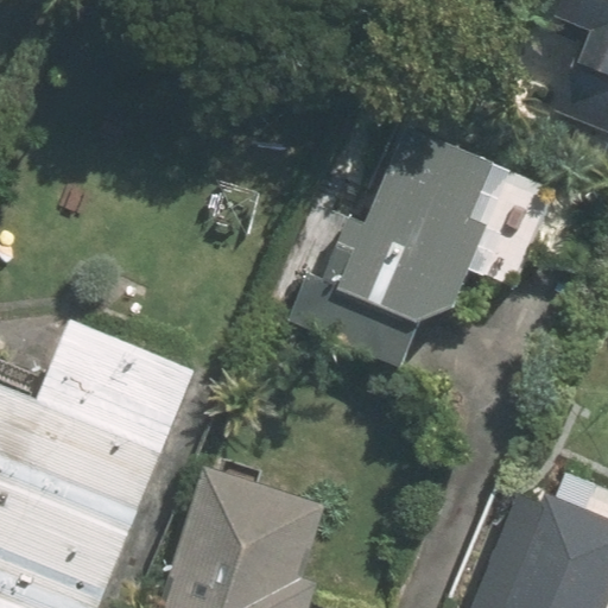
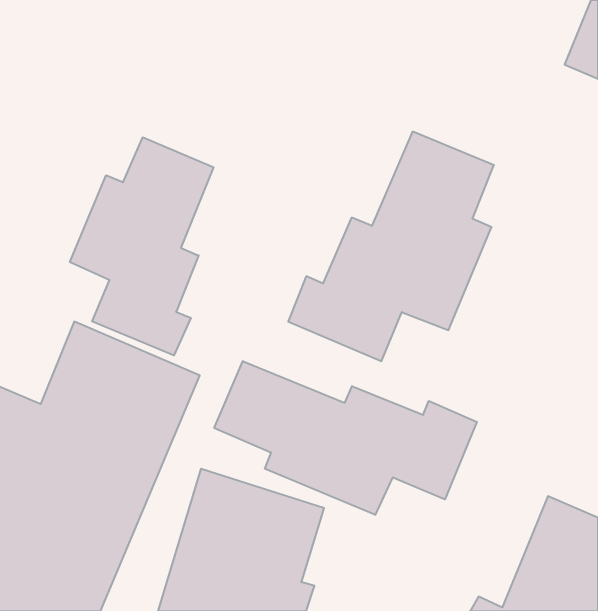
building: none -> [70,137,214,355]
building: none -> [214,361,477,515]

